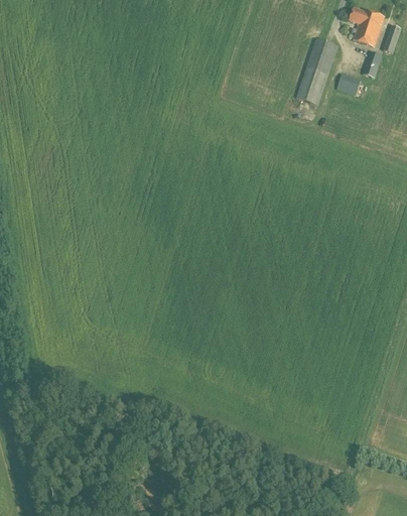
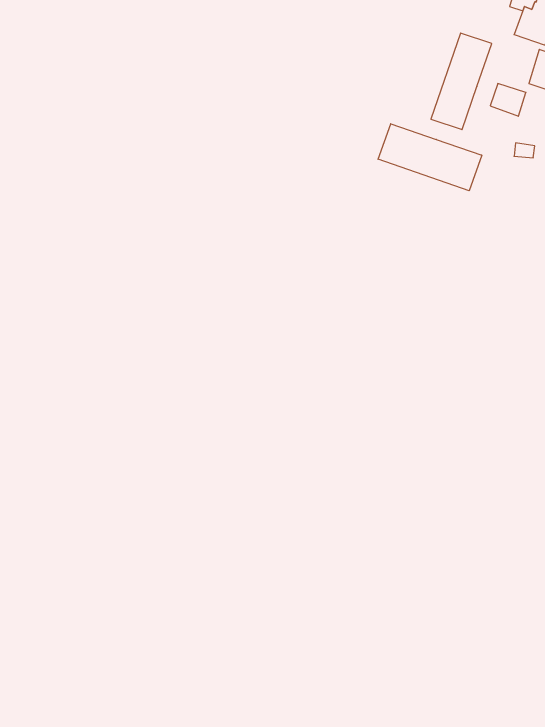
building: none -> [378,124,482,191]

